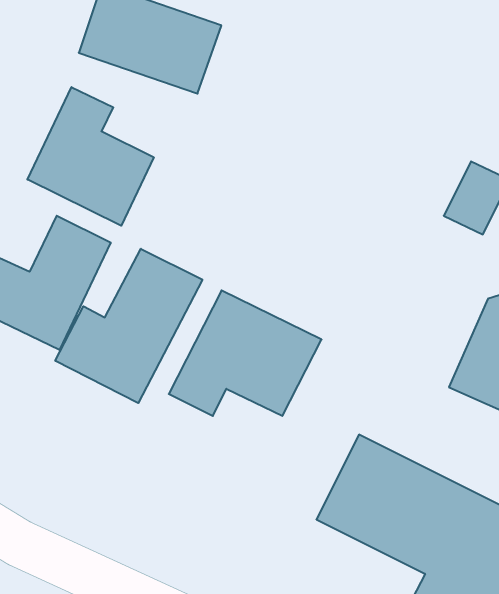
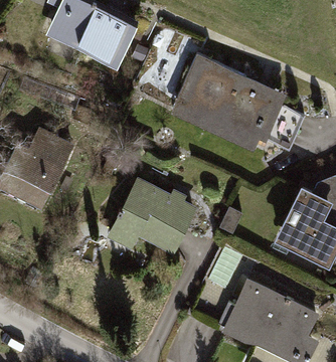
building: none -> [173,53,285,151]
building: [27,87,154,226] -> none
building: [55,249,202,403] -> none

